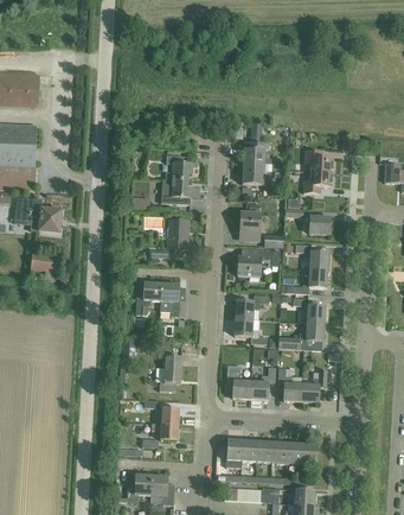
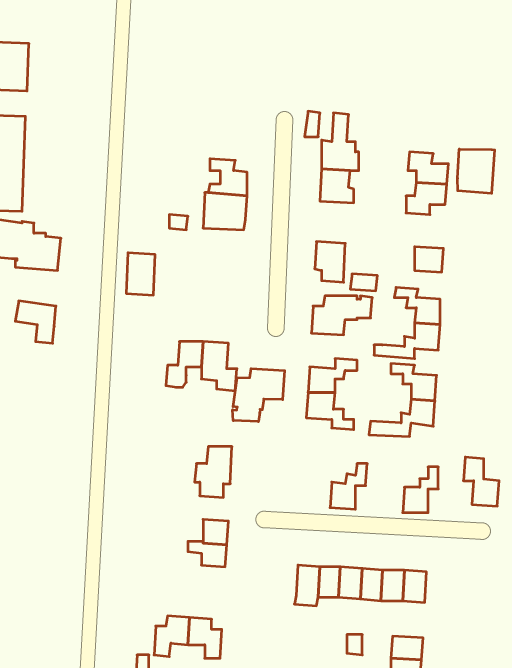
building: none -> [458,149,495,193]
building: [168,218,188,248] -> [126,253,155,295]
building: none -> [233,369,285,422]
building: [226,364,251,398] -> none
building: [277,367,302,401] -> [463,457,499,506]

